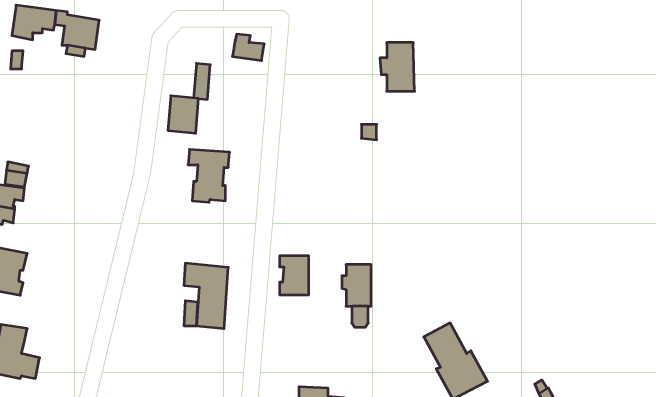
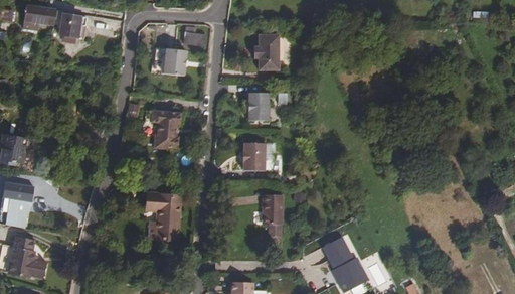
building: [380,43,415,91] -> [253,35,279,70]
building: [168,96,198,133] -> [165,49,187,77]
building: none -> [248,93,269,119]
building: [280,256,309,295] -> [243,143,265,171]

